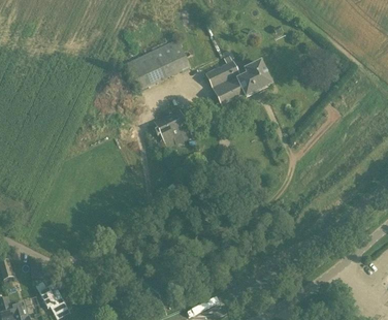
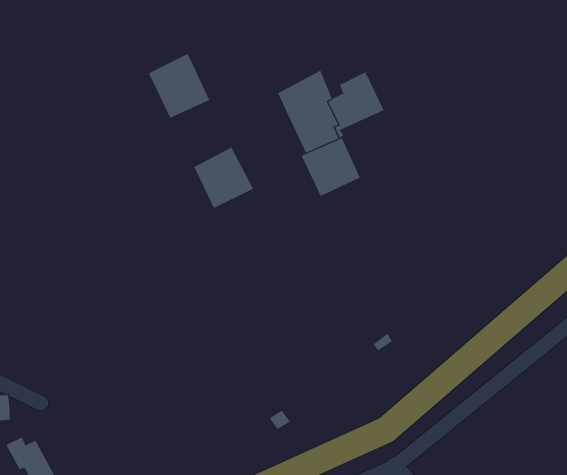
building: [152,39,191,79] -> none
building: none -> [301,138,360,197]

